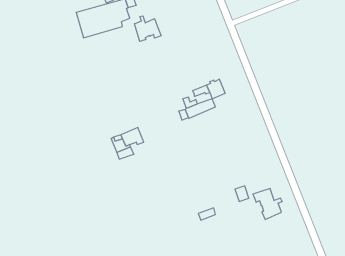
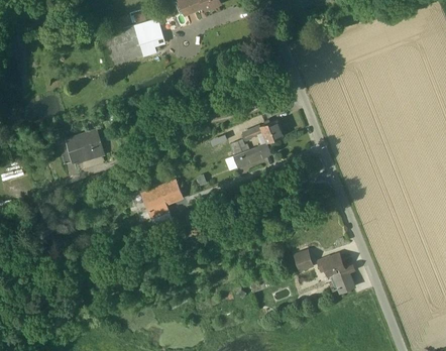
building: [134,16,161,41] -> none
building: none -> [67,130,105,164]

